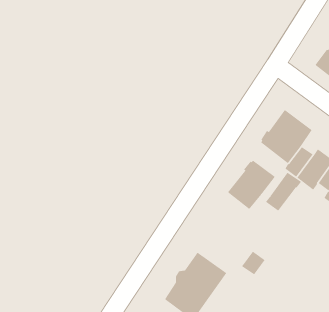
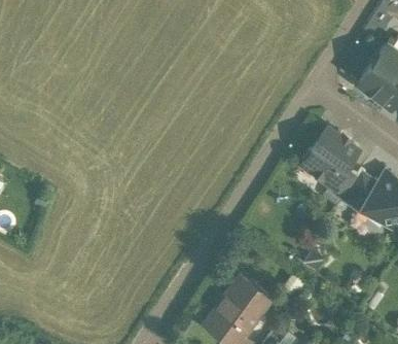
building: [227,160,275,210] -> none
building: [265,172,302,211] -> none

